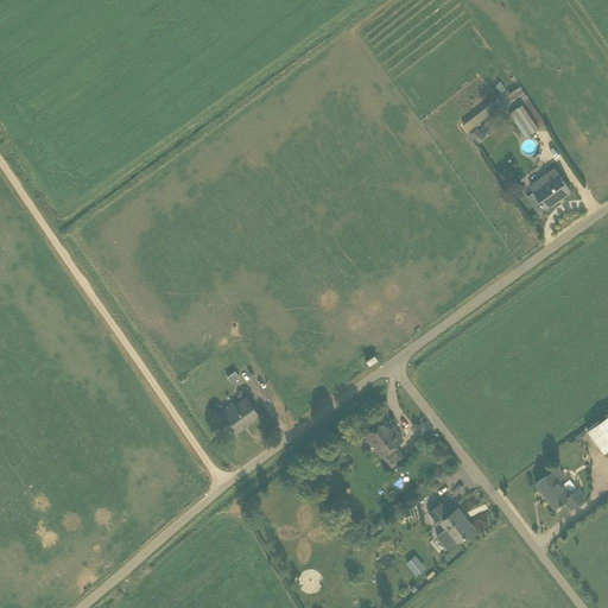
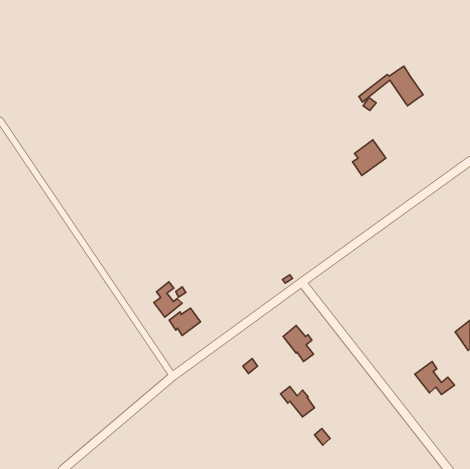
building: [527,167,570,214] -> [353,140,386,176]
building: none -> [154,282,182,317]
building: [429,504,473,543] -> [281,387,315,417]

